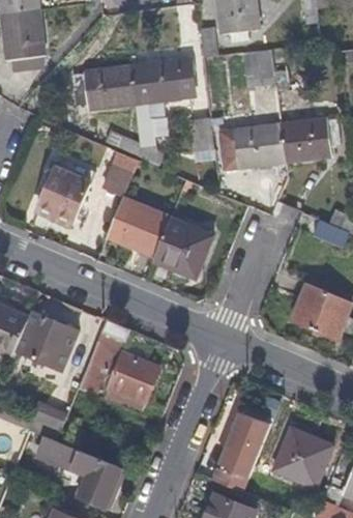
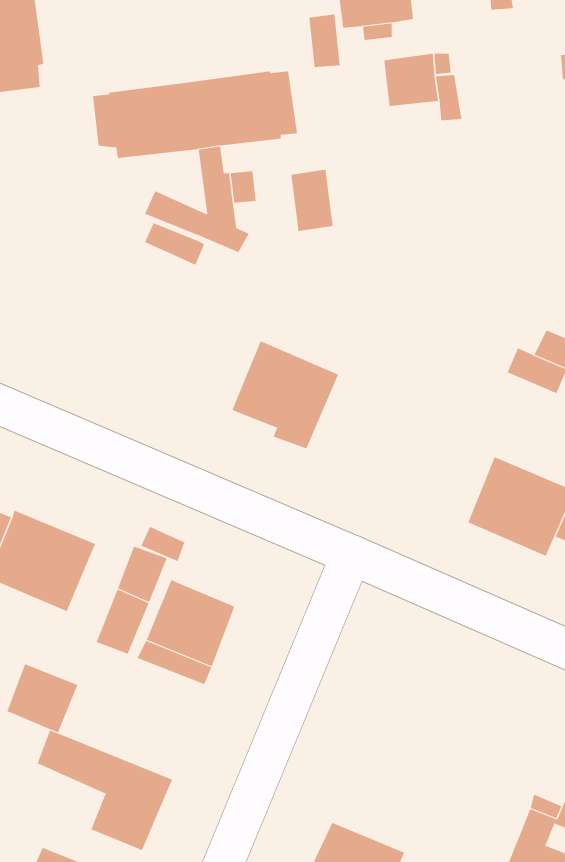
building: [217,117,341,169] -> none
building: [34,166,90,224] -> none
building: [107,196,171,255] -> none
building: [210,414,268,493] -> none
building: [271,428,331,489] -> none

